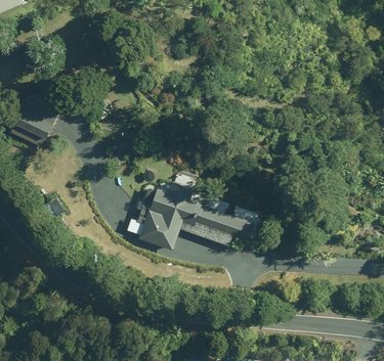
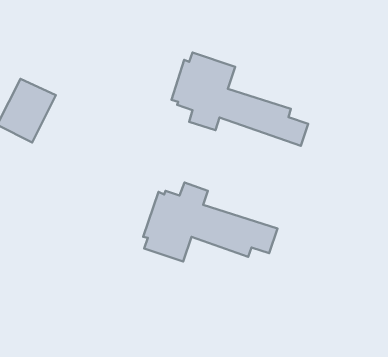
building: none -> [171,53,308,146]

